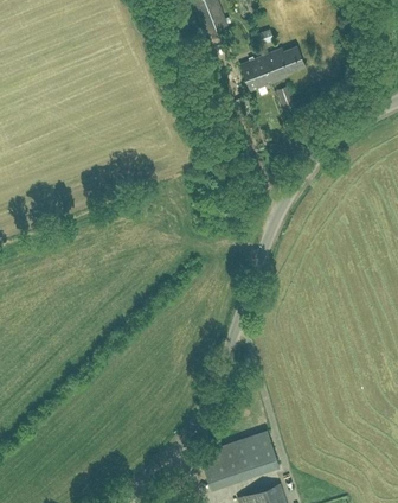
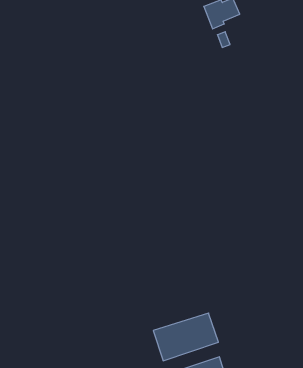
building: [239,57,271,91] -> none

